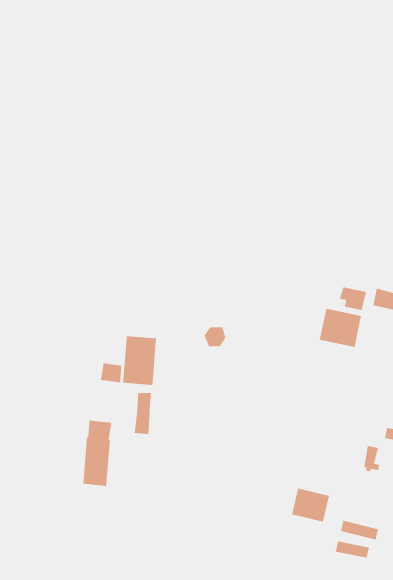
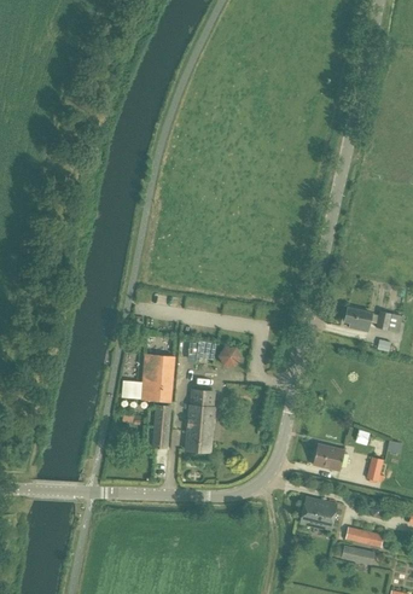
building: [319,308,362,348] -> none
building: [82,420,112,487] -> [186,390,214,453]
building: none -> [313,444,343,471]

